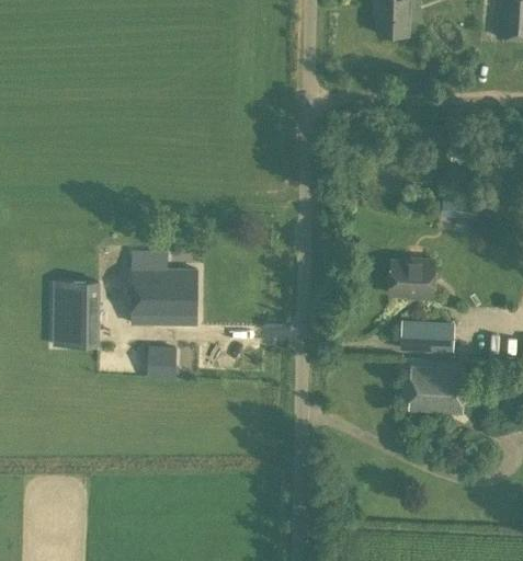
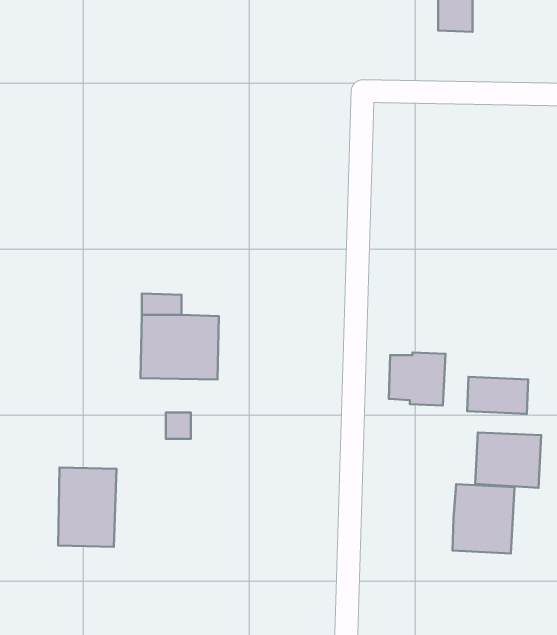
building: [388,256,435,300] -> [389,353,446,405]
building: [53,280,101,346] -> [58,468,116,547]
building: none -> [453,484,515,553]

